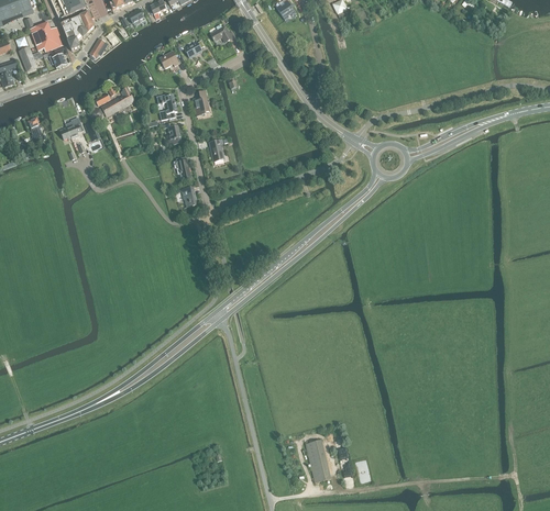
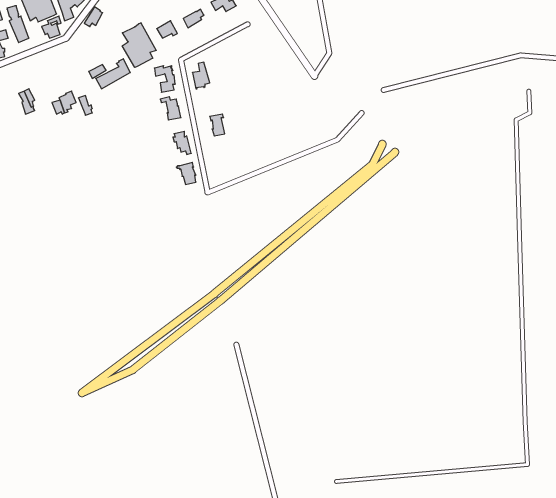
building: none -> [122,23,156,67]
building: [305,440,330,482] -> none

